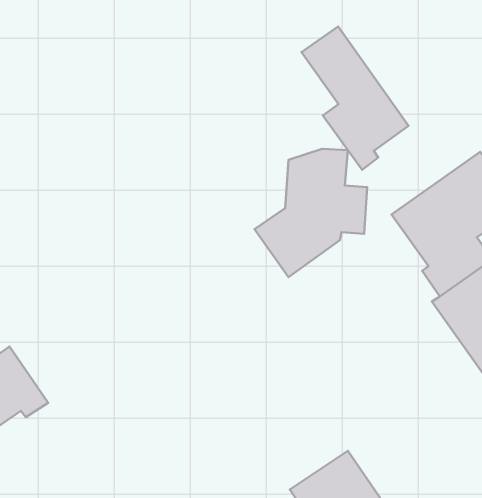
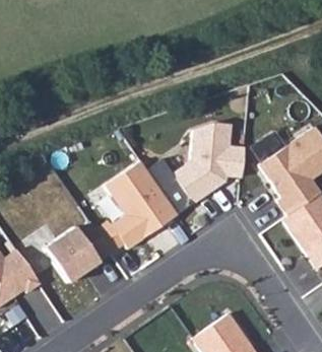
building: [302,26,409,170] -> none
building: none -> [105,159,179,248]
building: none -> [45,222,111,281]

